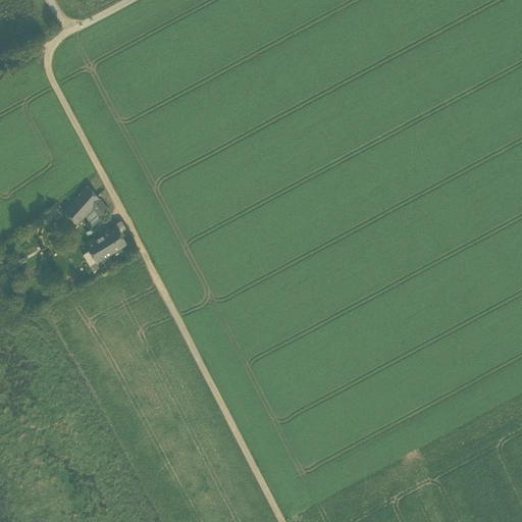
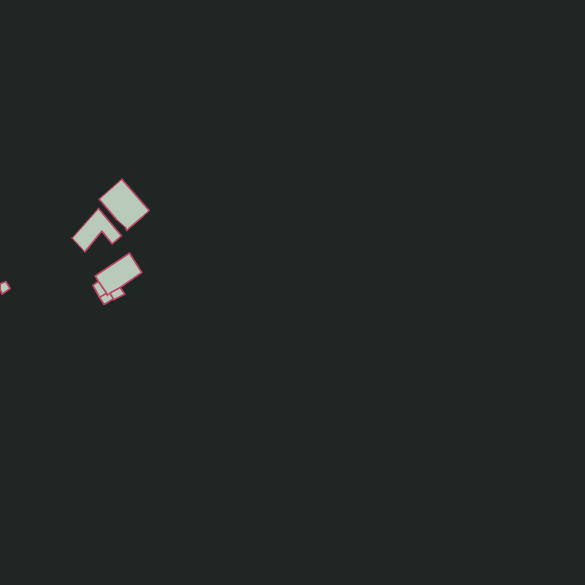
building: none -> [99,179,149,231]

